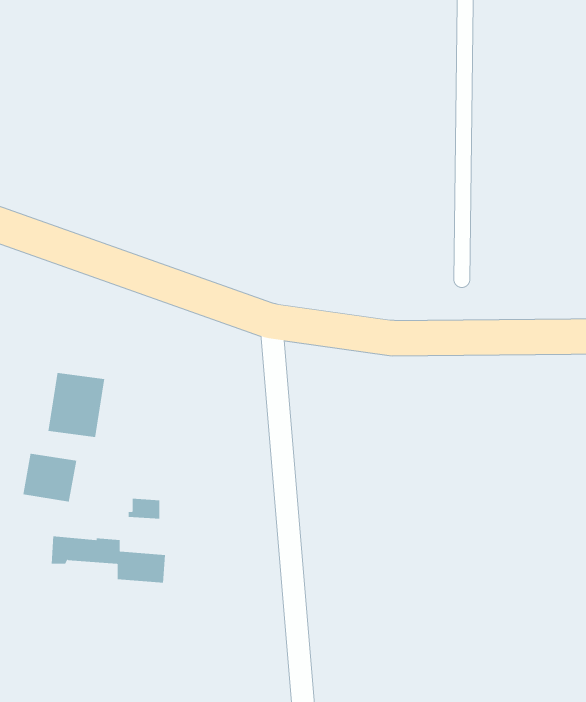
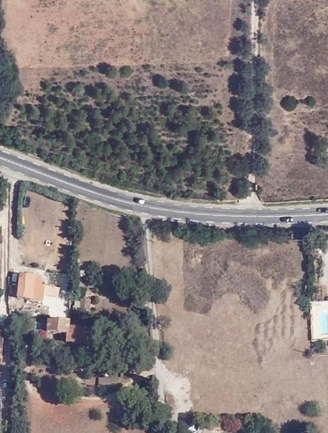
building: [48,372,105,438] -> none

